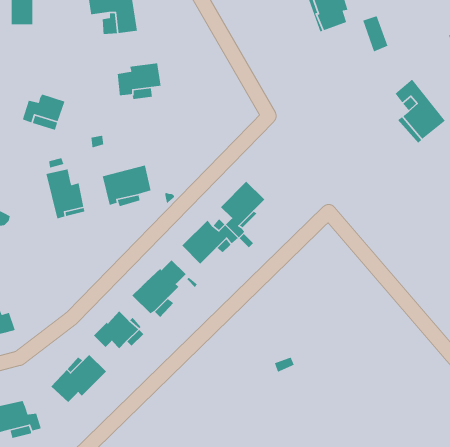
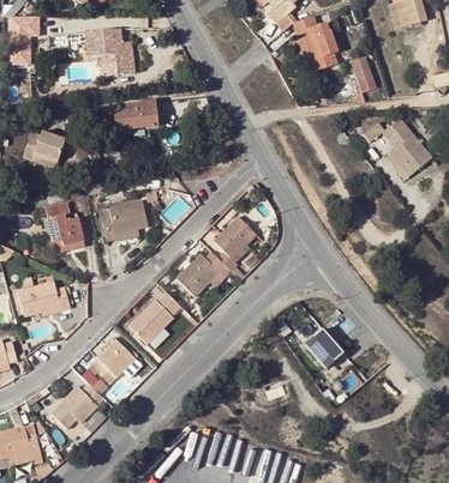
building: none -> [18,280,70,314]
building: none -> [305,327,342,366]

